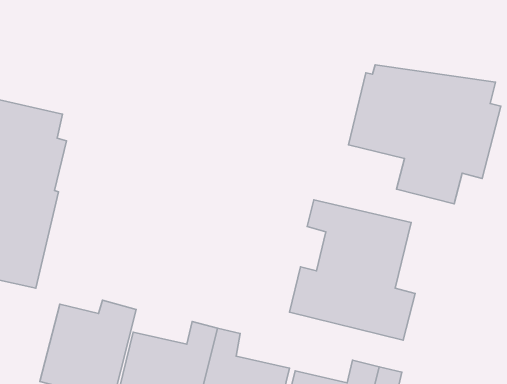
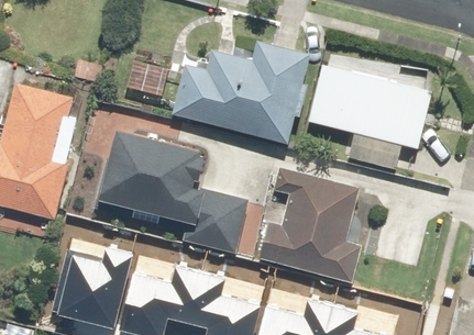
building: none -> [170,41,310,145]
building: none -> [98,129,247,255]

